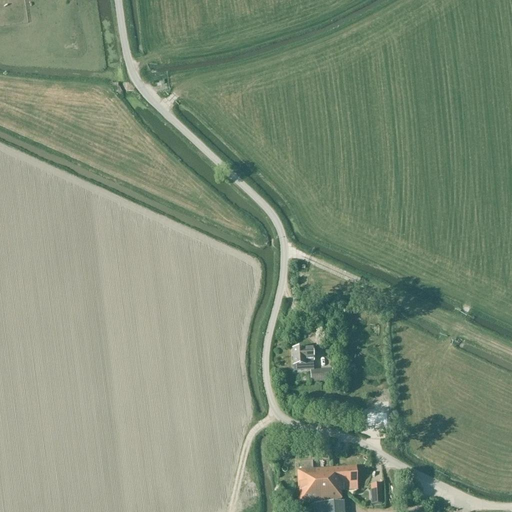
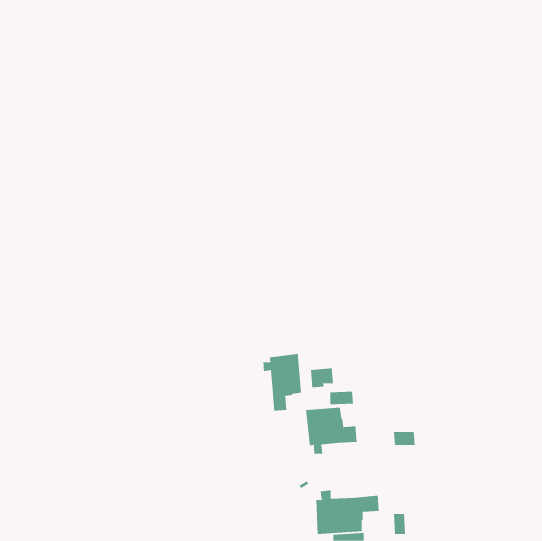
building: none -> [263,353,301,412]
building: none -> [306,407,357,455]

